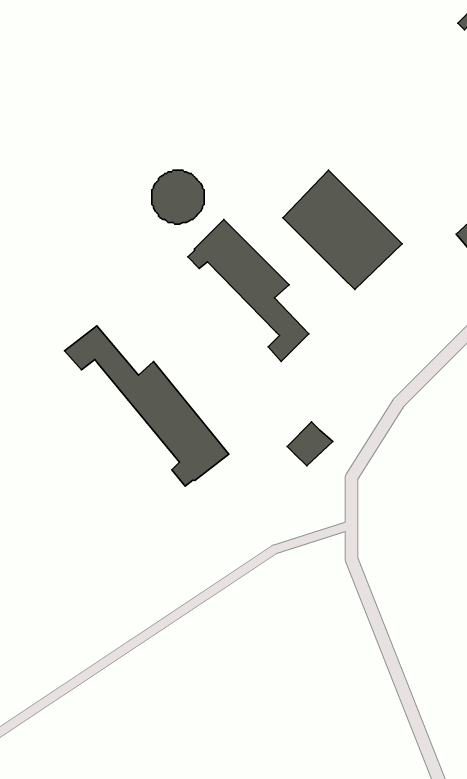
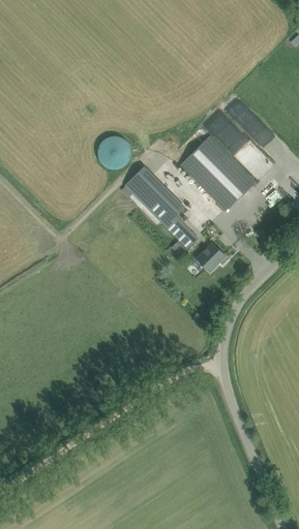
building: [65,326,229,486] -> none
building: [287,422,333,466] -> [198,243,227,271]

